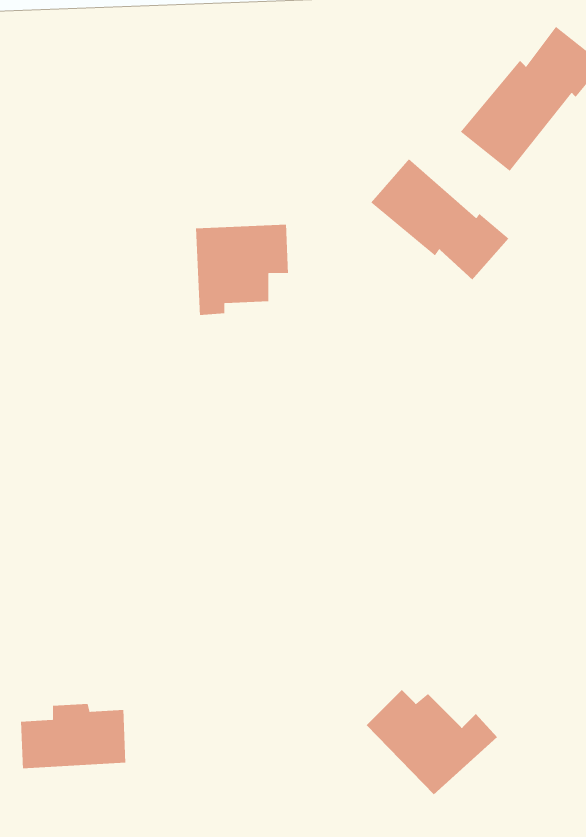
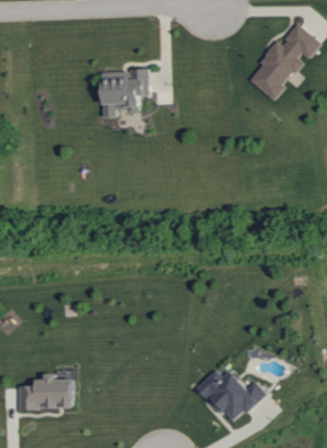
building: [370,158,510,281] -> none
building: [195,224,289,316] -> [100,70,148,117]

